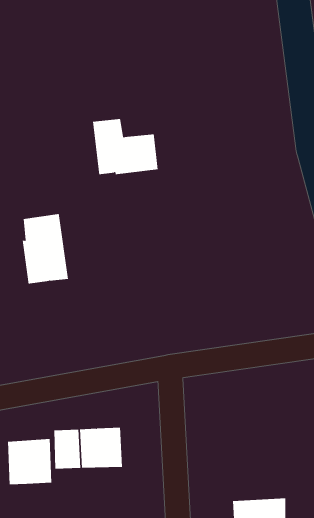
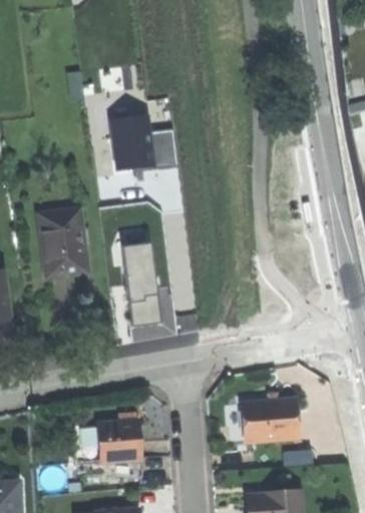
building: none -> [122,240,172,325]
building: none -> [245,399,297,441]
building: [7,438,52,485] -> none

